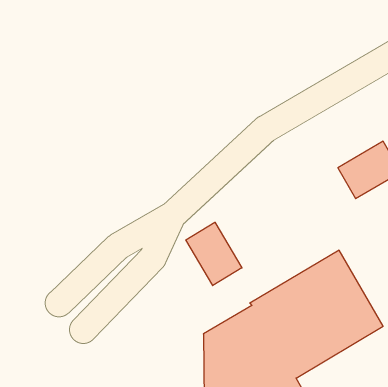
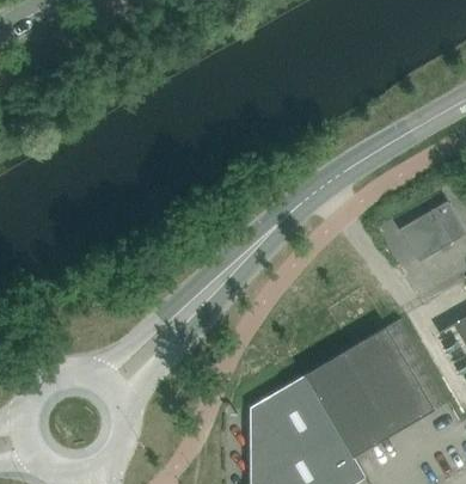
building: [186,222,242,286] -> none

